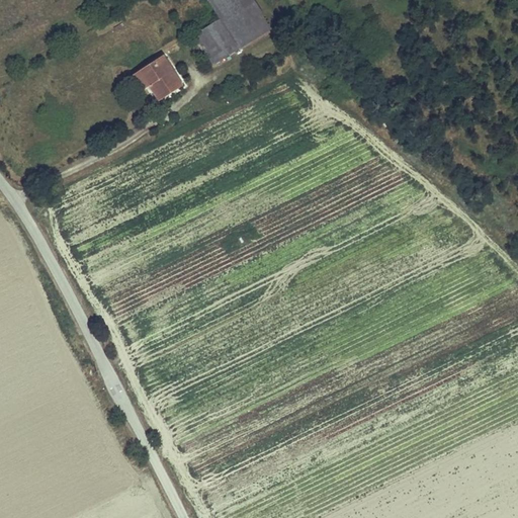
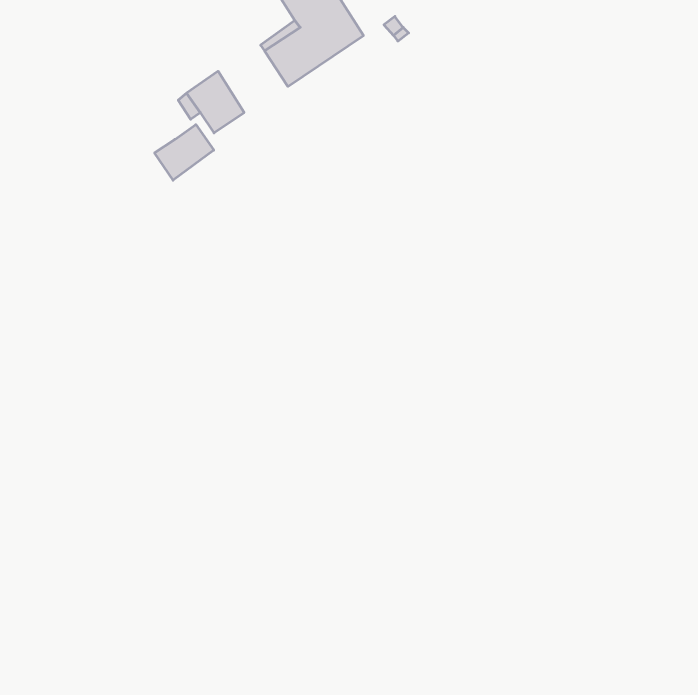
building: none -> [155,125,214,180]

